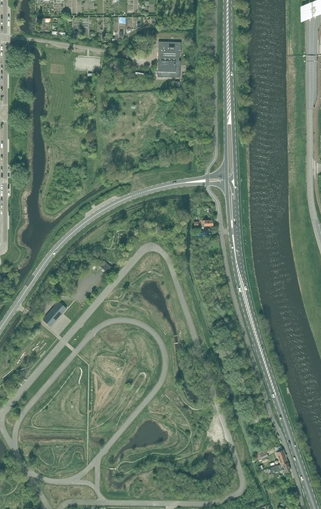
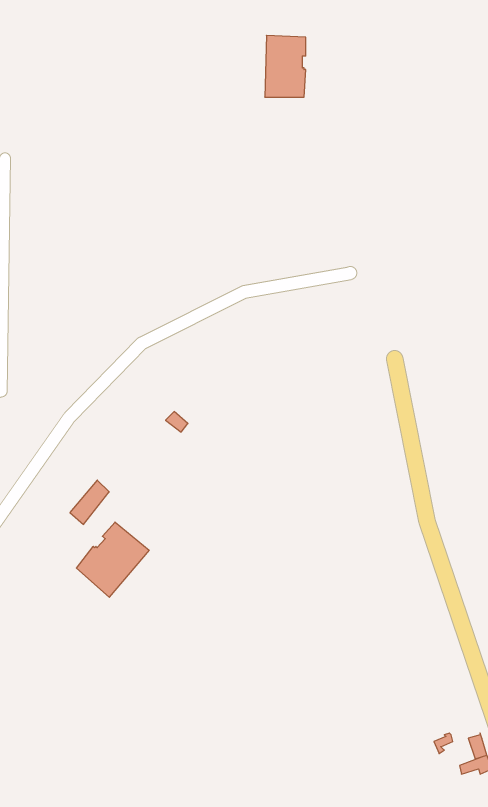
building: none -> [76,522,149,597]

